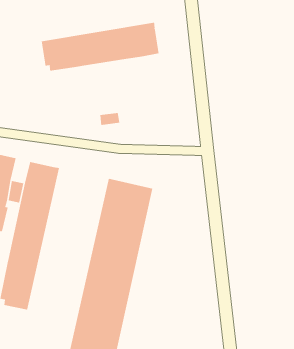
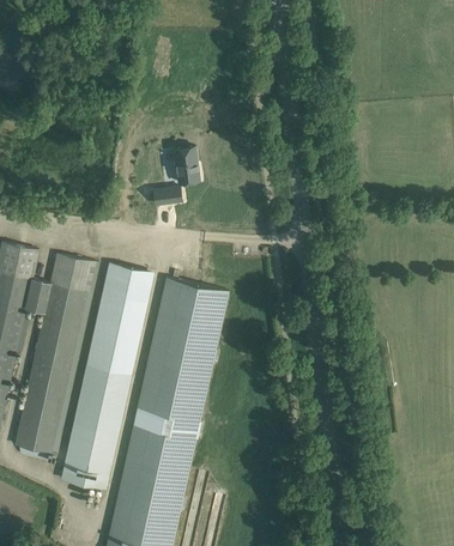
building: [41,22,159,71] -> none
building: none -> [174,146,200,183]
building: none -> [62,262,155,489]

